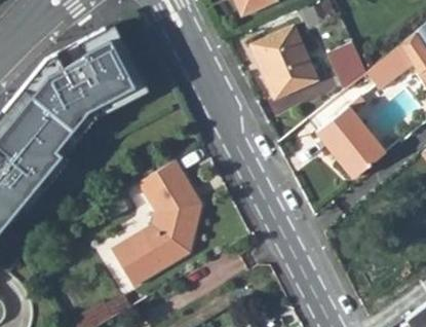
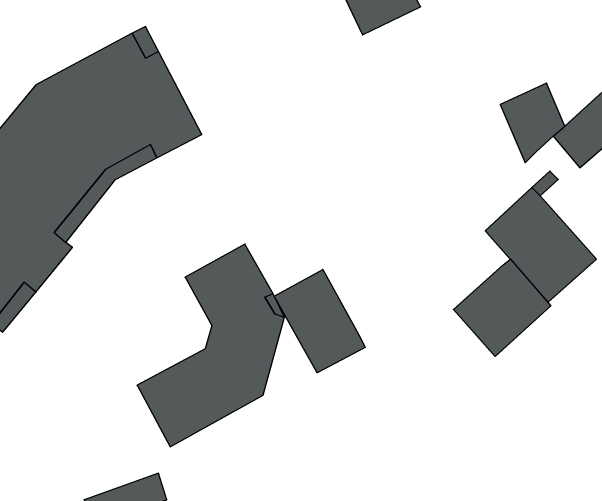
building: [259,34,324,107] -> none
building: none -> [453,259,551,356]
building: none -> [274,269,365,373]

